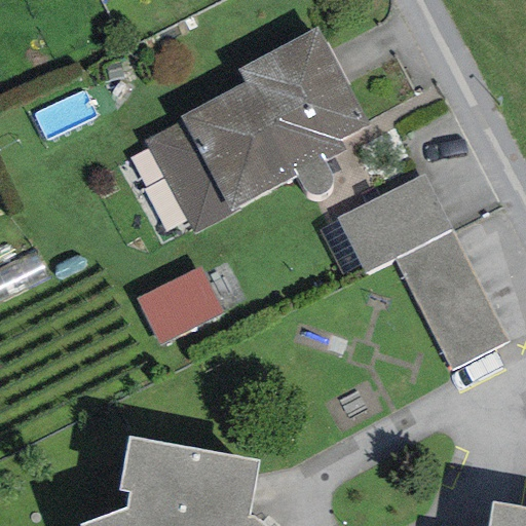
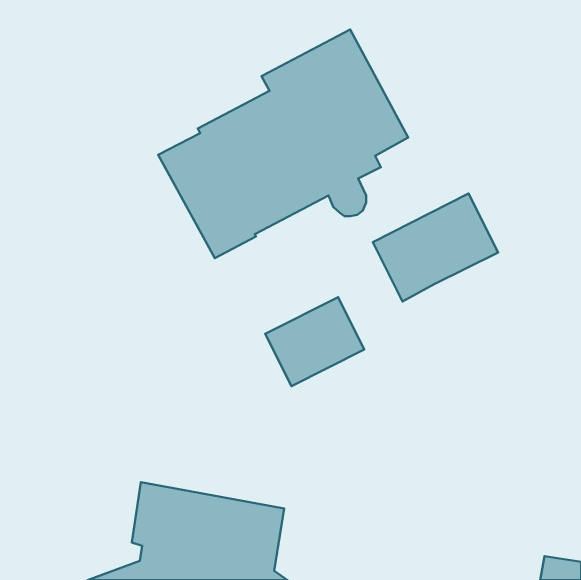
building: [392,228,509,371] -> none
building: [135,265,224,345] -> [265,297,364,386]

